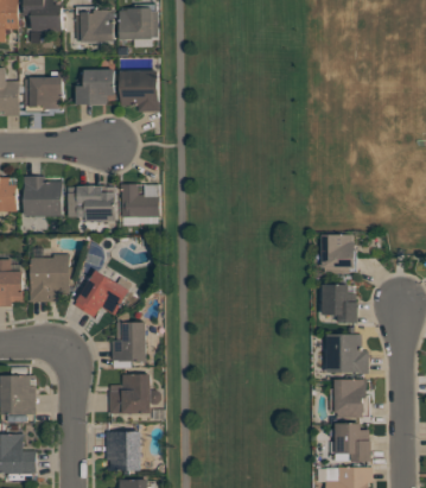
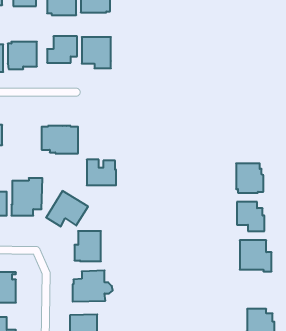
building: [21,177,62,216] -> none
building: [121,184,159,217] -> [87,160,116,185]
building: [329,380,368,419] -> none

